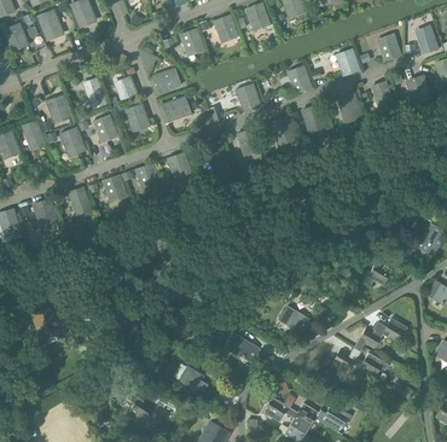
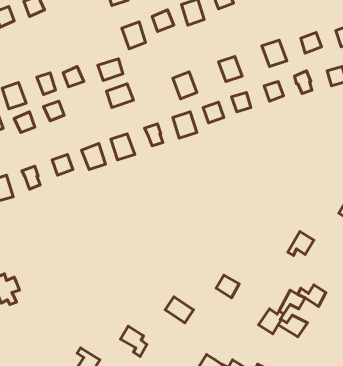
building: [123,101,151,133] -> none

